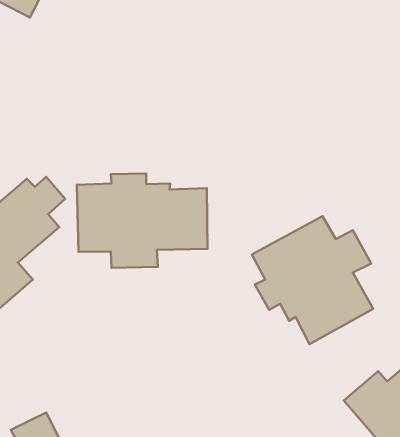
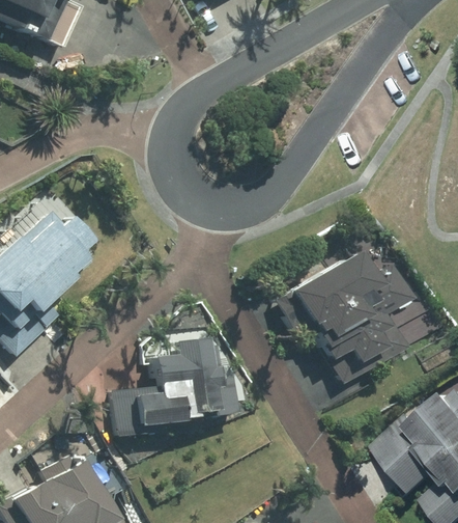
building: [77,174,208,268] -> none
building: none -> [118,340,219,435]

